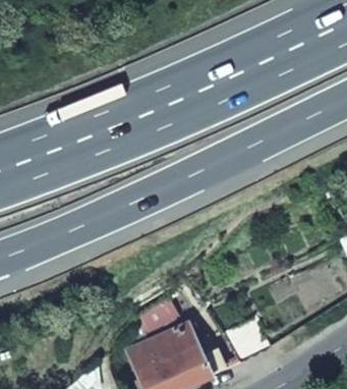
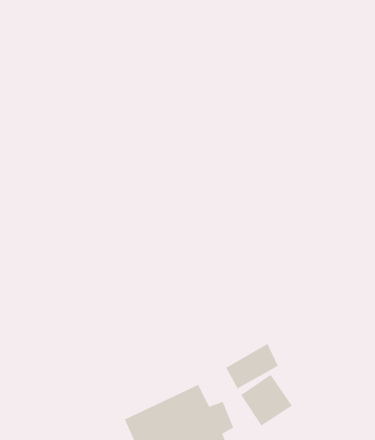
building: [133,297,178,336] -> [225,343,279,389]

